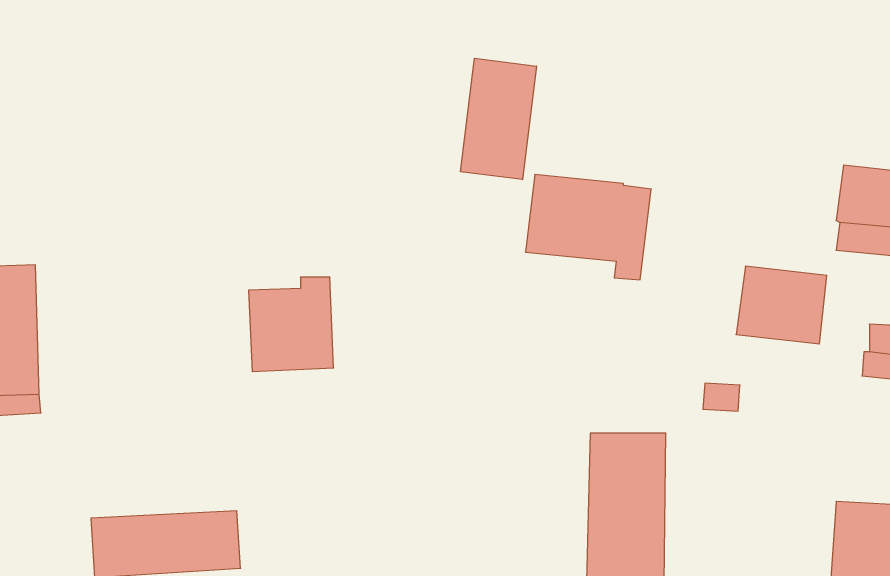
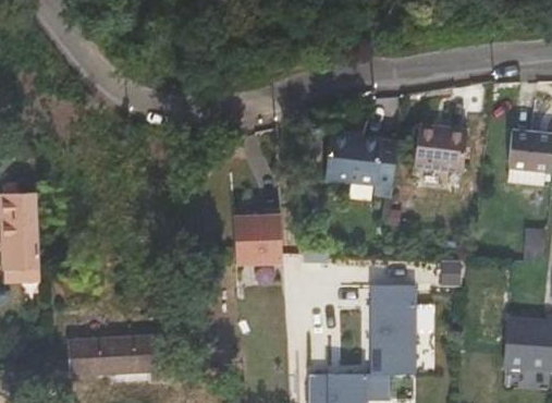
building: [461,58,536,180] -> none
building: [736,266,827,344] -> [414,126,467,172]
building: [249,277,334,372] -> [233,208,283,264]

